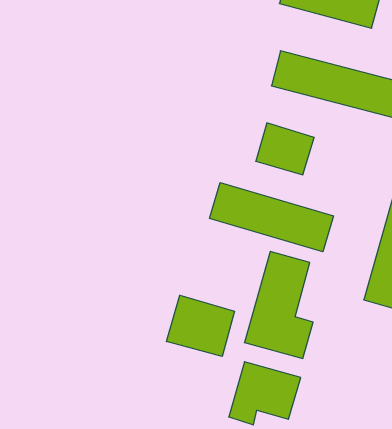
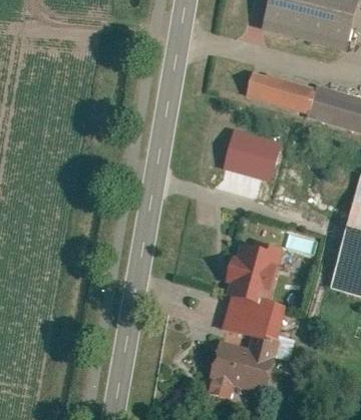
building: [210,183,333,252] -> none
building: [167,295,235,356] -> none

